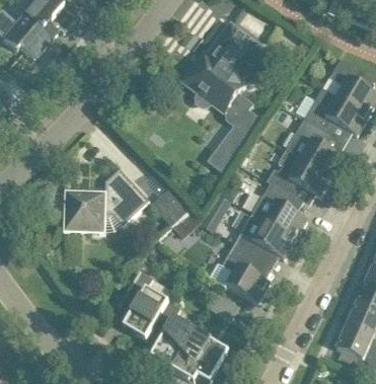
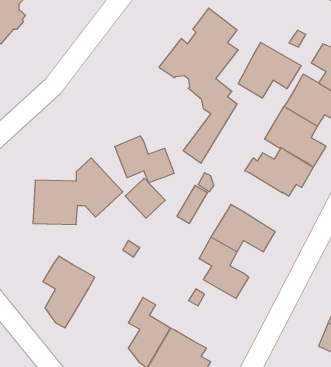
building: none -> [238,42,301,98]
building: none -> [115,136,174,183]
building: [252,182,307,239] -> none
building: [125,271,174,339] -> [43,256,95,328]

